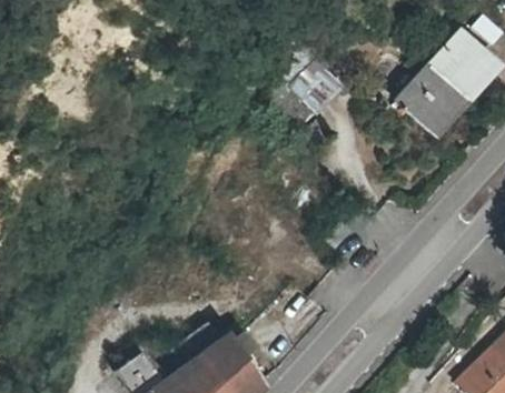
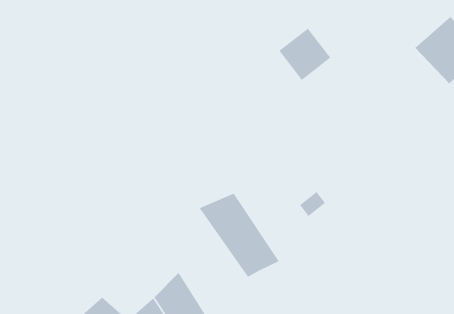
building: [398,70,468,139] -> none
building: none -> [199,193,280,277]

